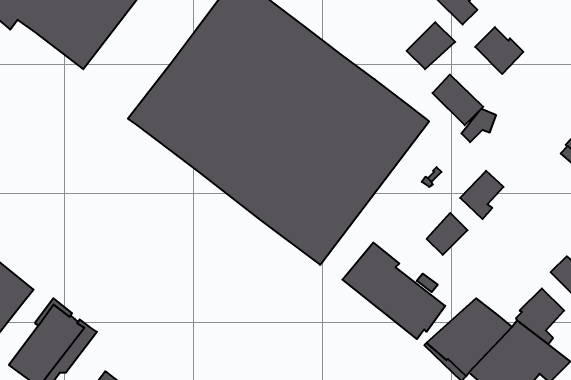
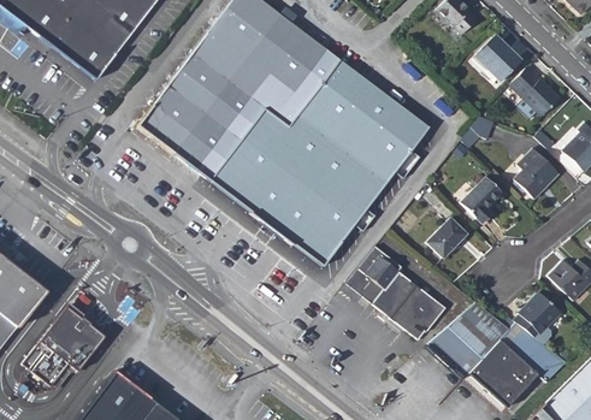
building: [407,22,455,69] -> none
building: [432,75,483,125] -> [510,66,560,116]
building: none -> [513,148,559,199]

